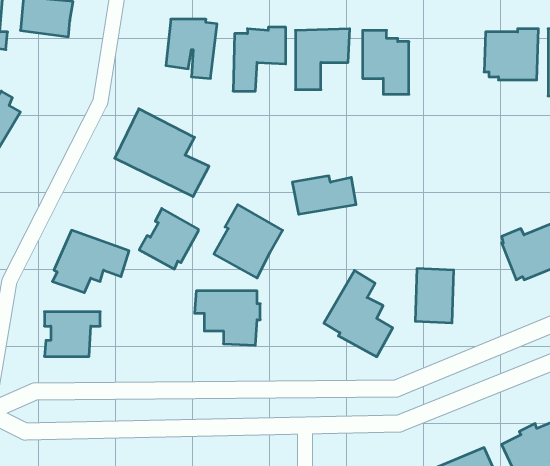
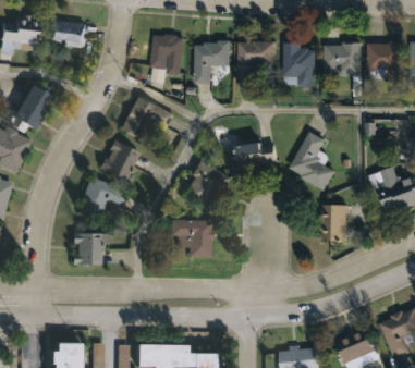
building: none -> [326,40,364,74]
building: [139,208,198,269] -> [100,138,141,180]
building: [324,270,393,357] -> [290,130,337,188]

